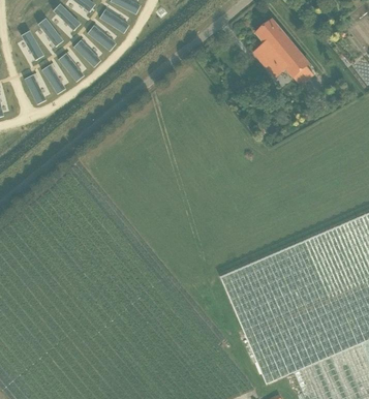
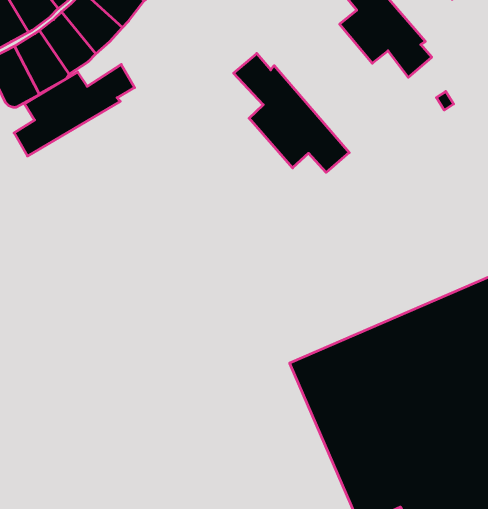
building: none -> [234,53,349,172]
building: none -> [14,64,135,156]

